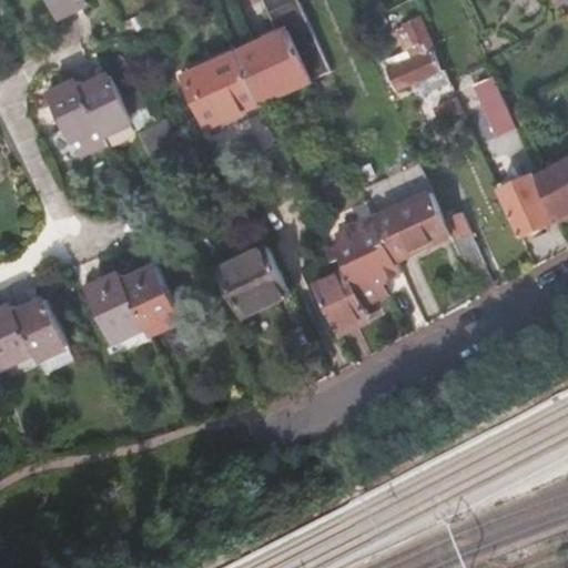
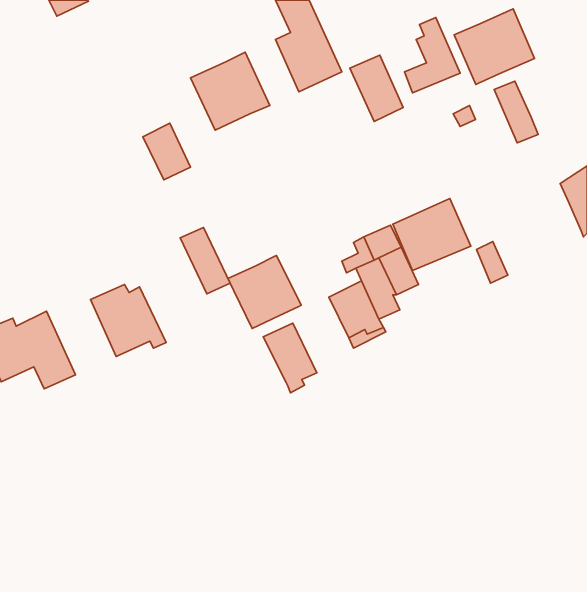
building: none -> [454,9,535,84]
building: [234,39,285,102] -> [350,55,403,121]
building: [47,75,131,141] -> none
building: [497,174,555,239] -> none
building: [133,265,181,328] -> [180,228,230,294]
building: none -> [263,323,317,393]

